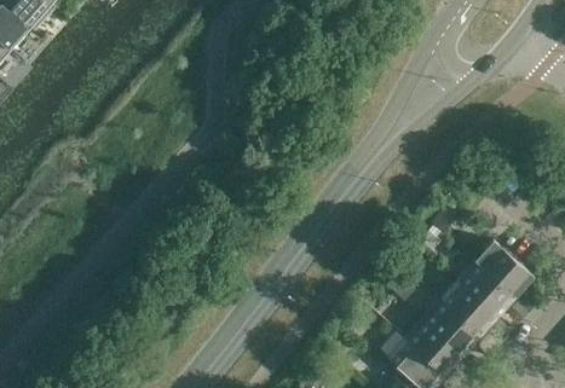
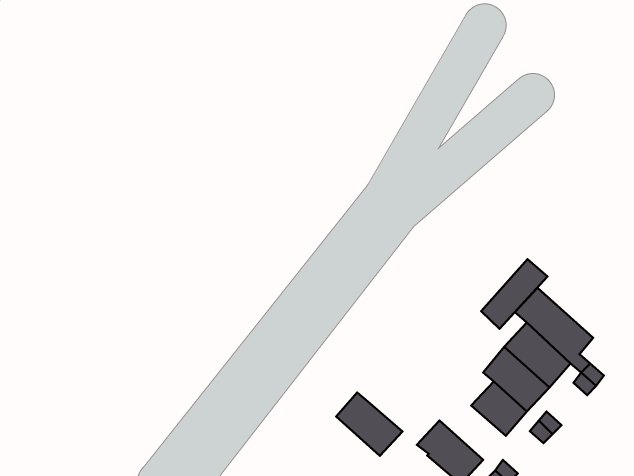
building: none -> [481,259,547,329]
building: [405,320,459,371] -> [336,392,403,456]

